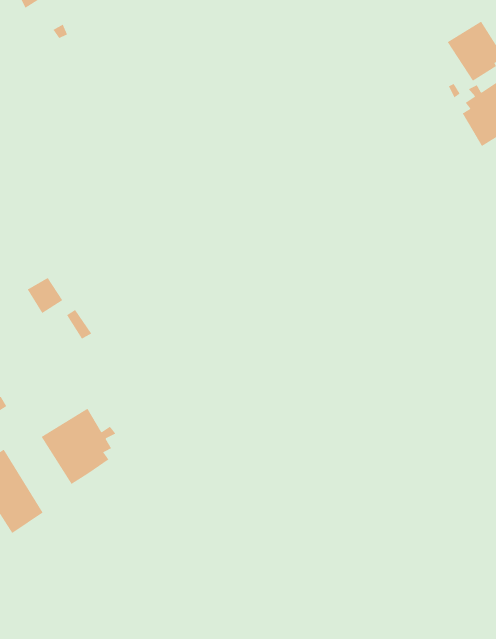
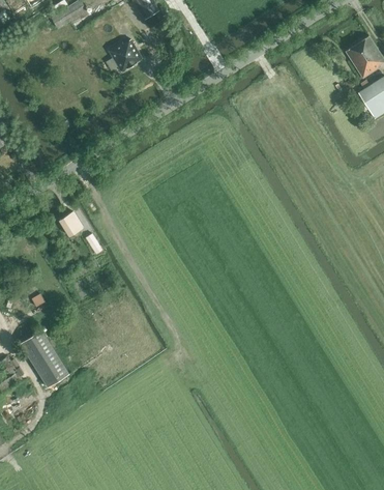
building: none -> [108,39,142,71]
building: [41,408,116,485] -> none

